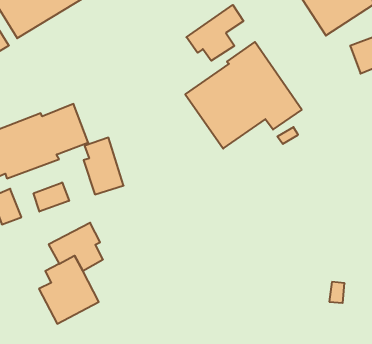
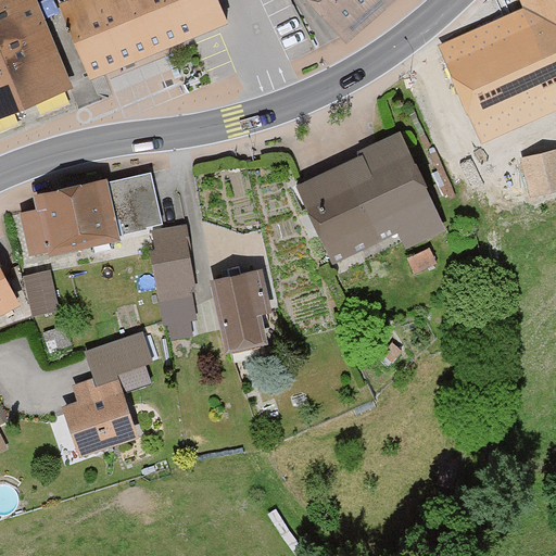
building: [186,5,243,61] -> none
building: none -> [215,270,276,348]
building: [34,182,69,212] -> none
building: none -> [161,293,198,338]

